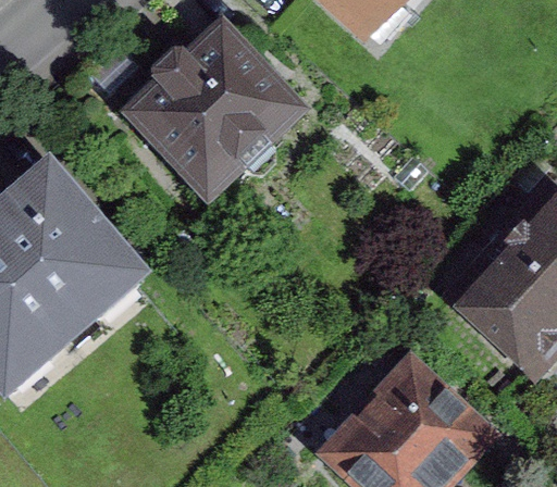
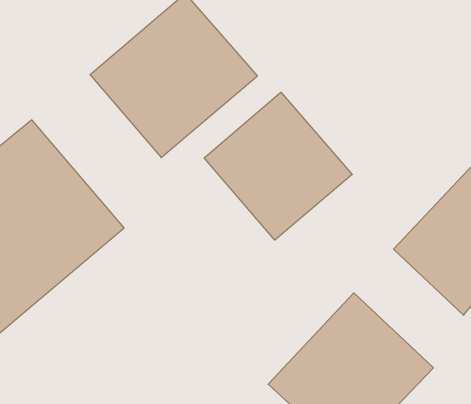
building: none -> [204,92,352,240]

